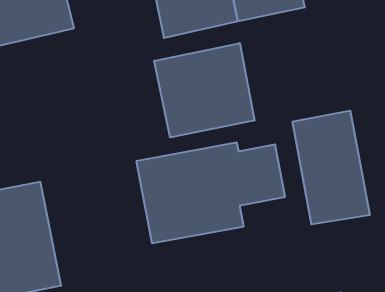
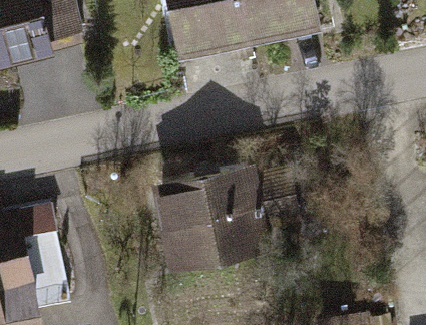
building: [154,43,254,137] -> none
building: [293,111,370,224] -> none

